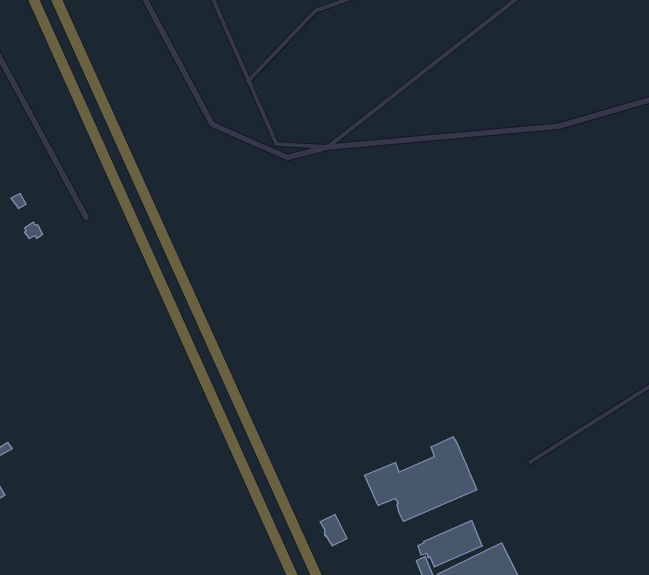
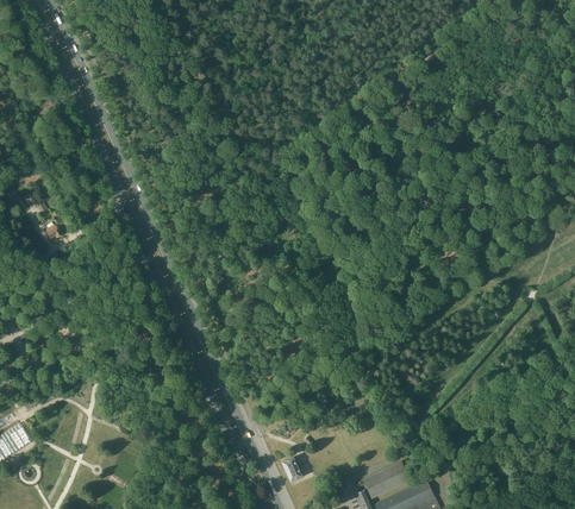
building: [365,437,477,521] -> none

